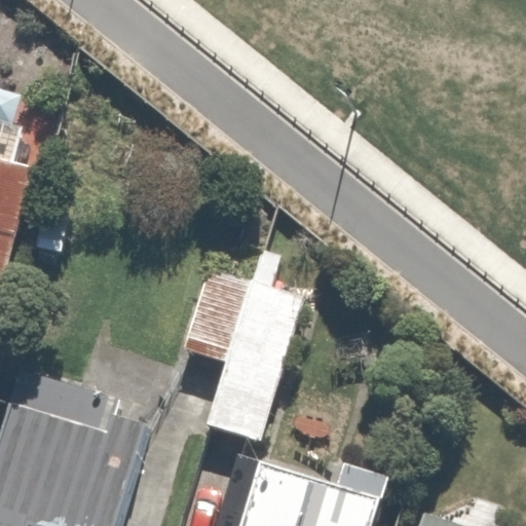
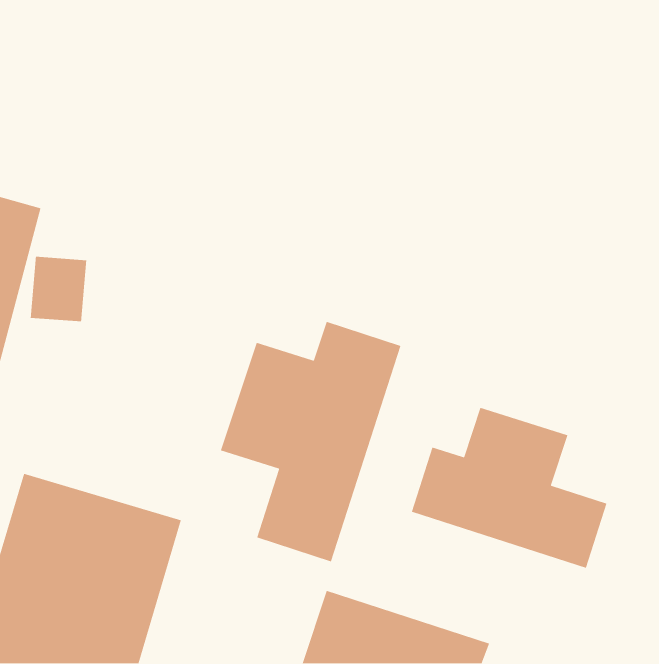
building: none -> [411,407,607,569]

